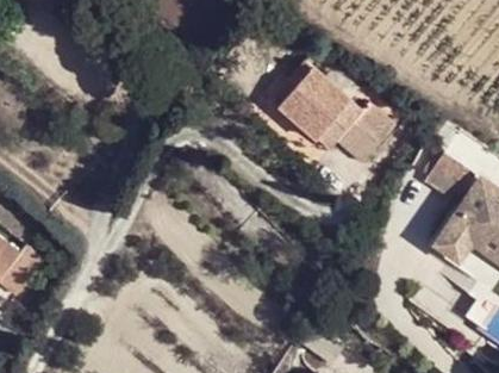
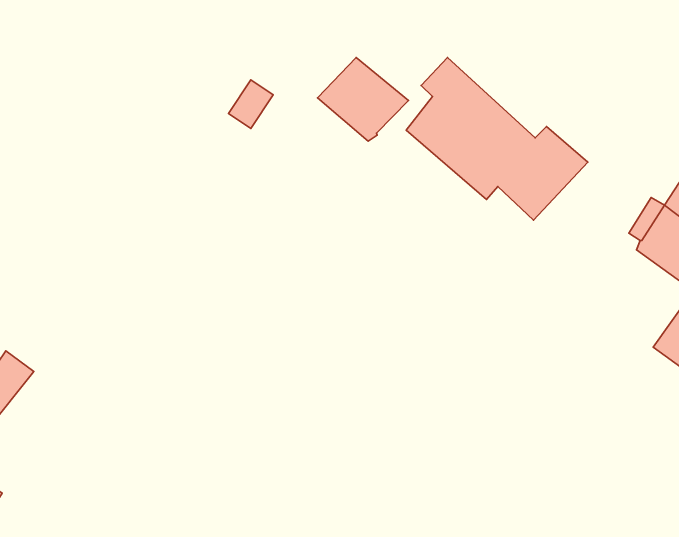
building: none -> [318,57,409,141]

